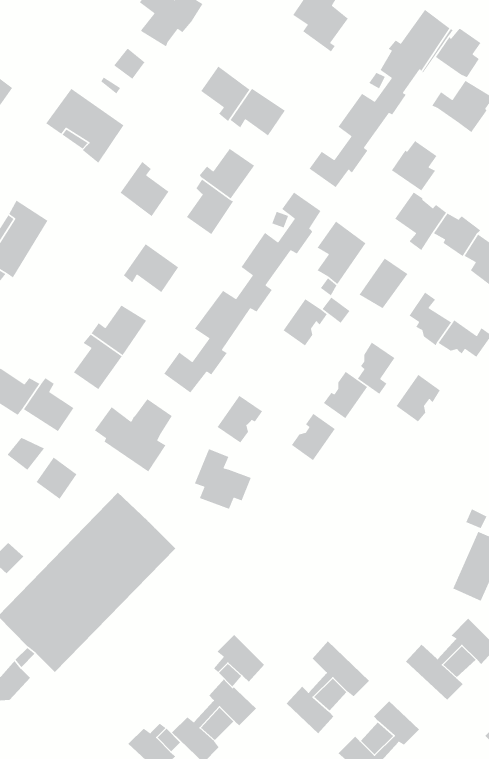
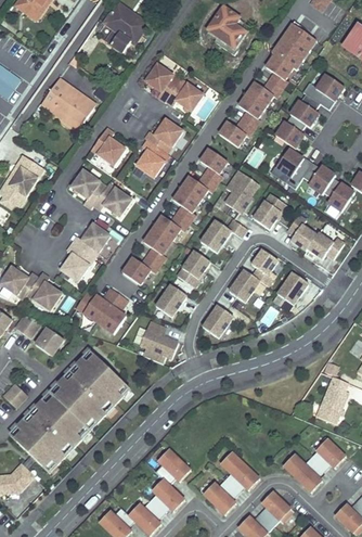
building: [435,28,482,78] -> [287,93,319,127]
building: none -> [70,170,106,208]
building: none -> [178,252,211,287]

